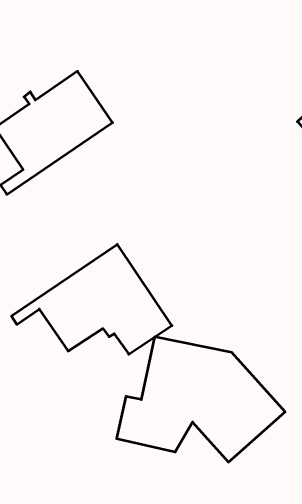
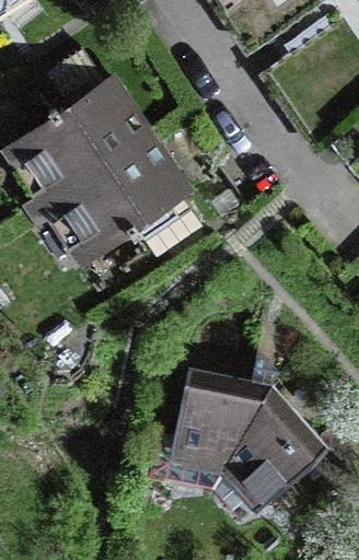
building: [12,244,172,354] -> [38,132,209,249]

